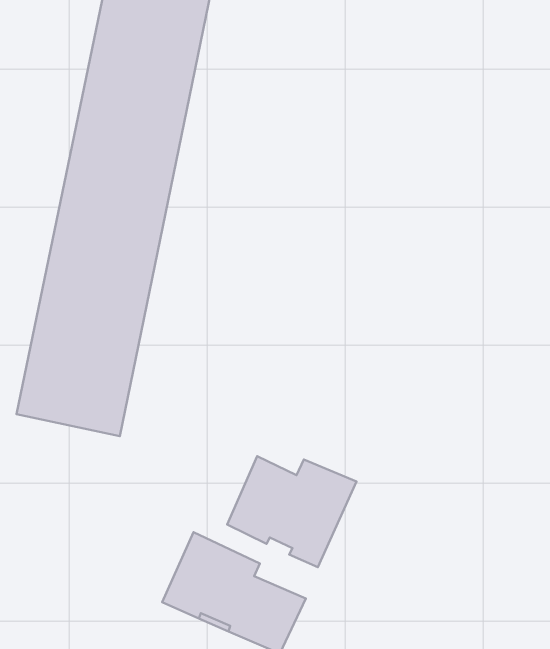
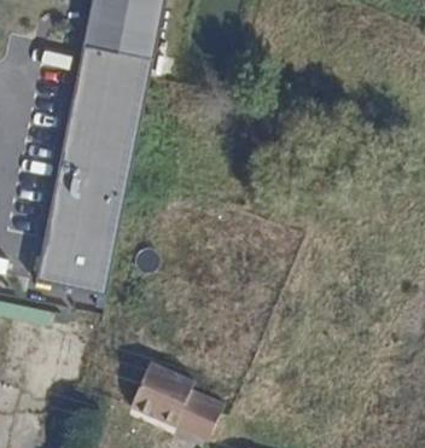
building: [227,456,357,567] -> none

